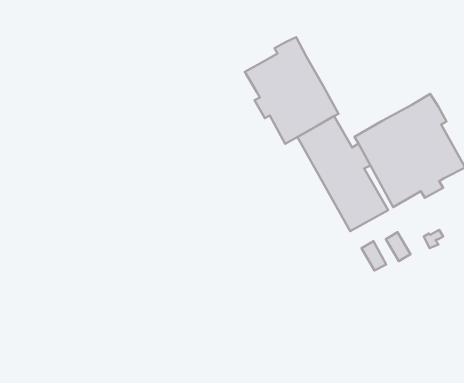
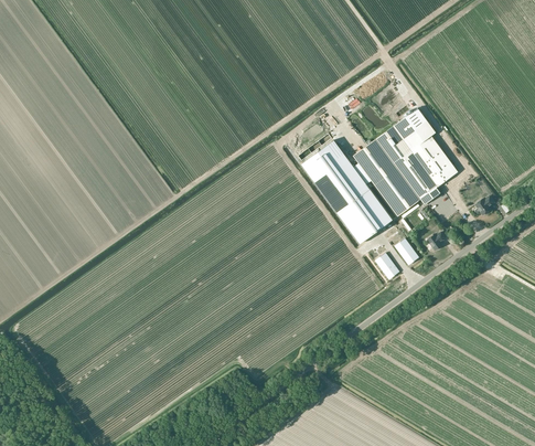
building: [245,37,338,144] -> none

